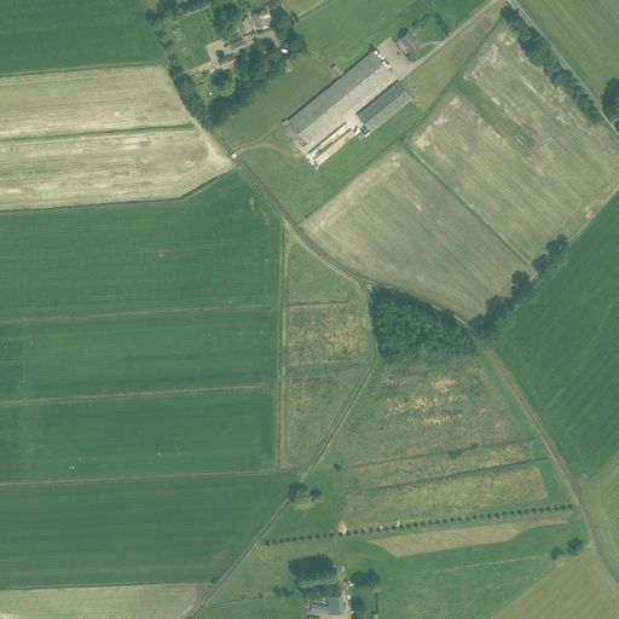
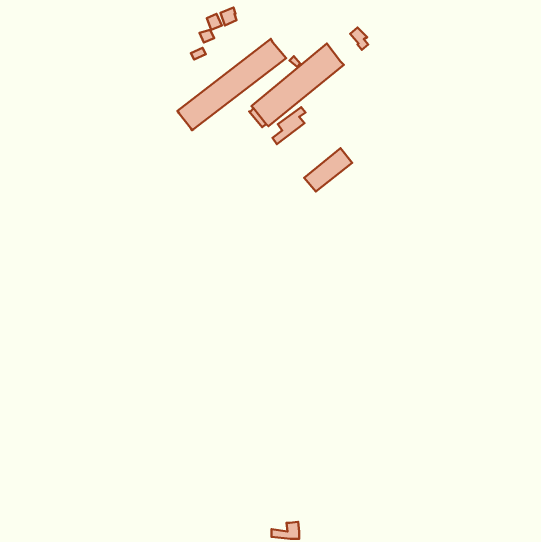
building: none -> [178,39,286,130]
building: [357,81,411,131] -> [304,148,352,192]

